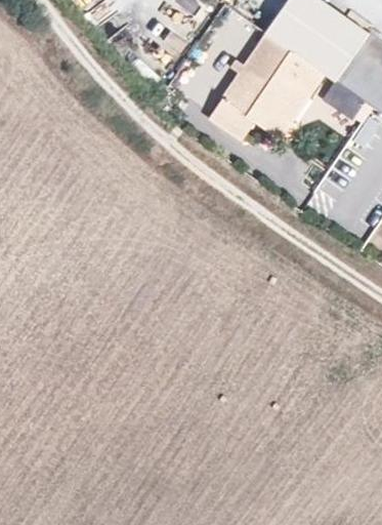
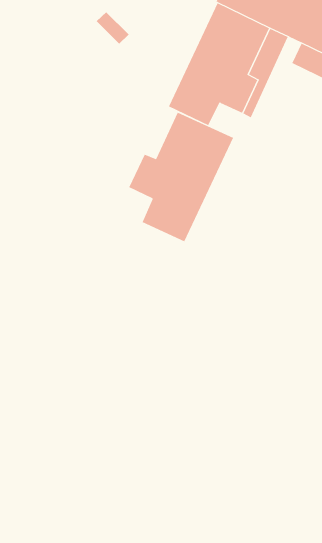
building: none -> [128,112,234,242]

